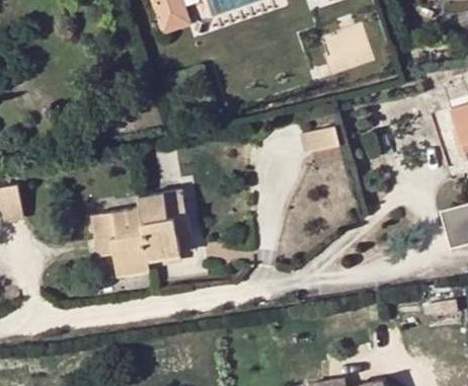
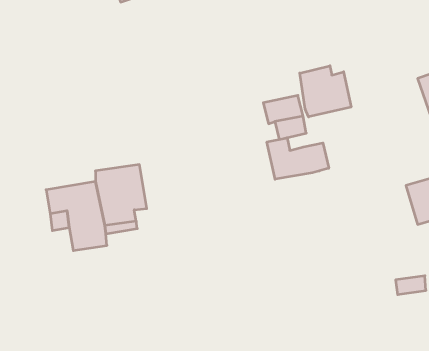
building: none -> [300,66,351,117]
building: none -> [267,138,329,179]

